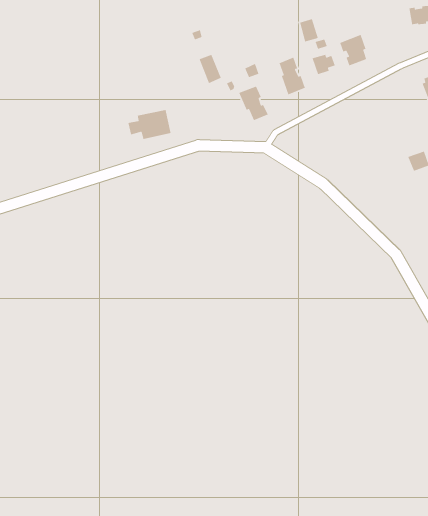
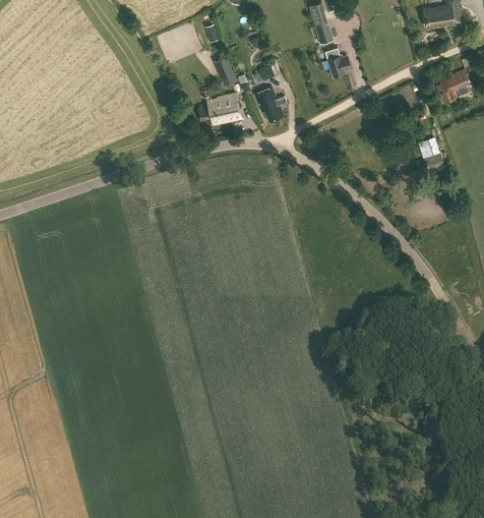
building: [339,34,367,67] -> none
building: [279,57,306,96] -> none
building: [128,109,171,140] -> [198,93,242,123]

